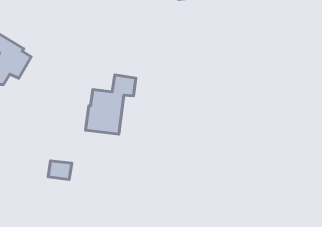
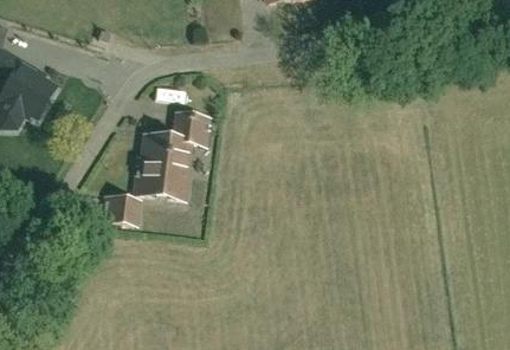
building: [48,161,72,179] -> [103,196,137,223]

